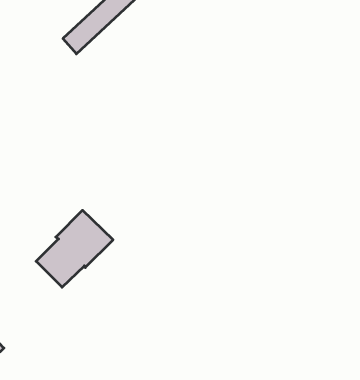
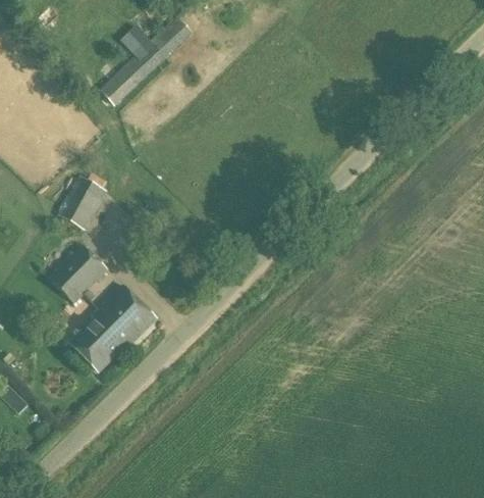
building: none -> [57,176,108,231]
building: none -> [48,245,107,304]

